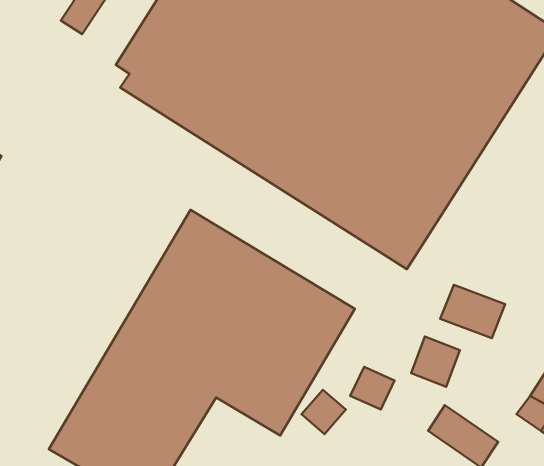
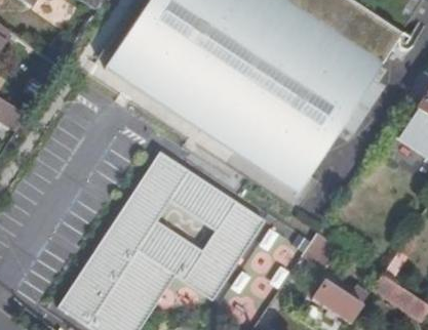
building: [440,285,505,338] -> none

